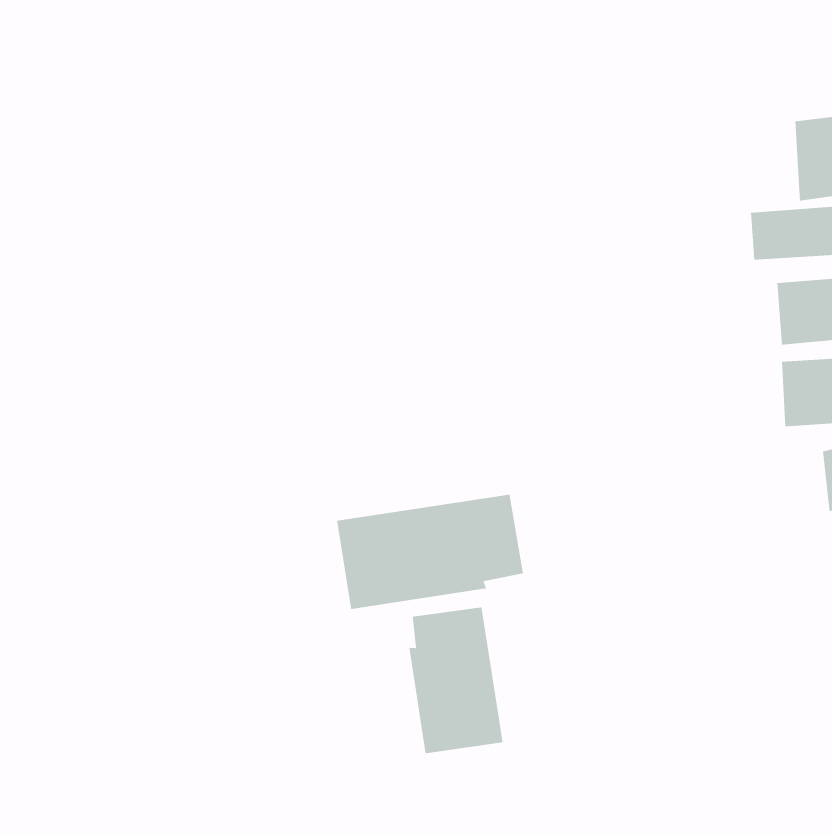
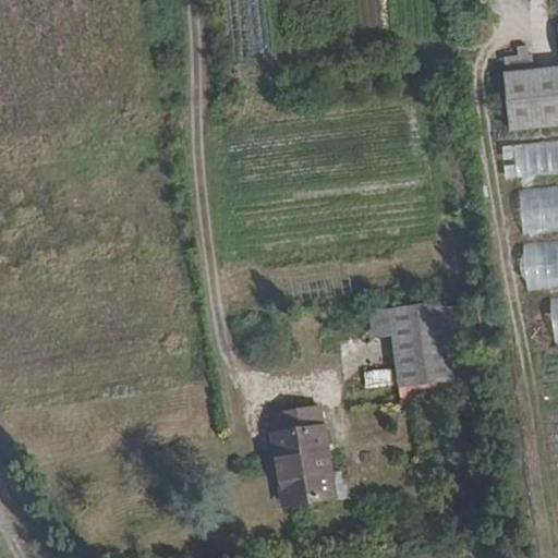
building: none -> [502,65,535,137]
building: none -> [386,305,450,387]
building: [336,494,523,610] -> none

